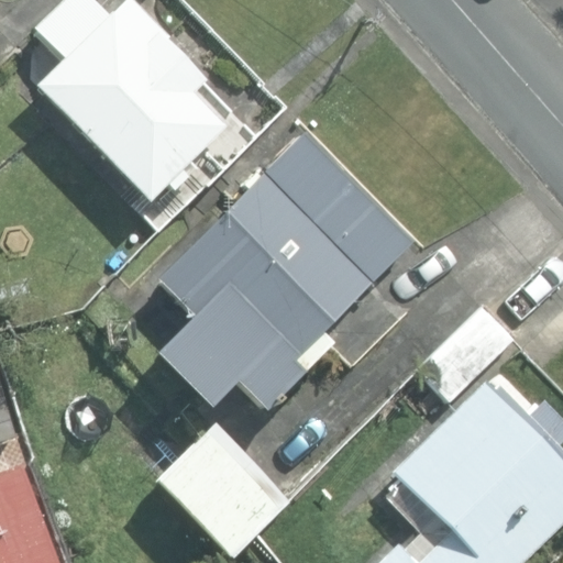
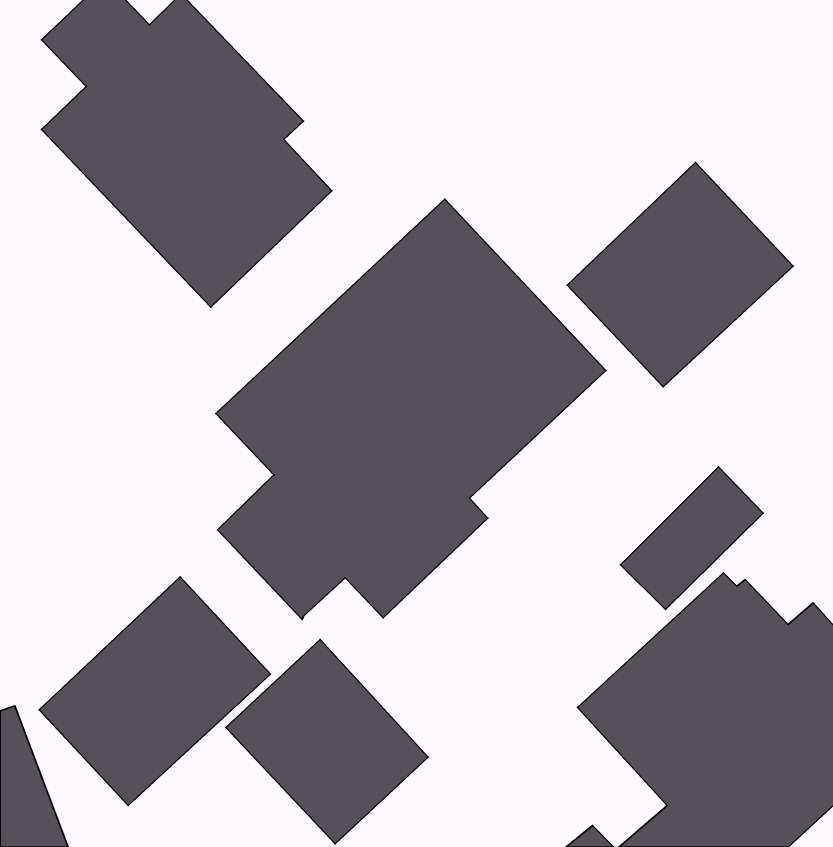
building: none -> [567,162,793,387]
building: none -> [39,577,271,805]

